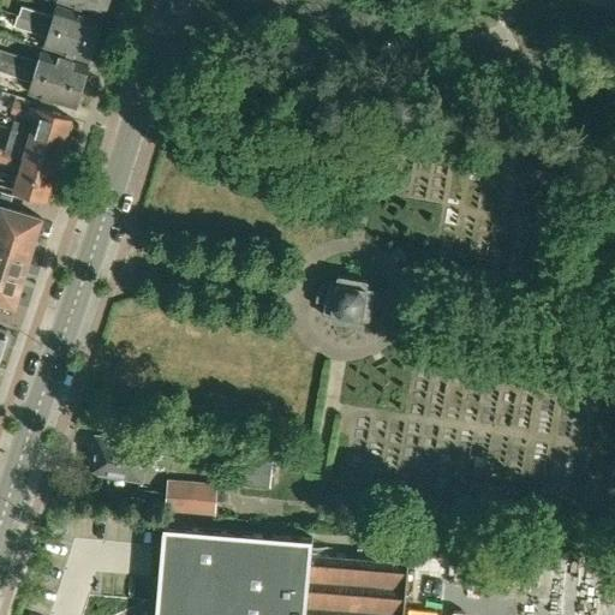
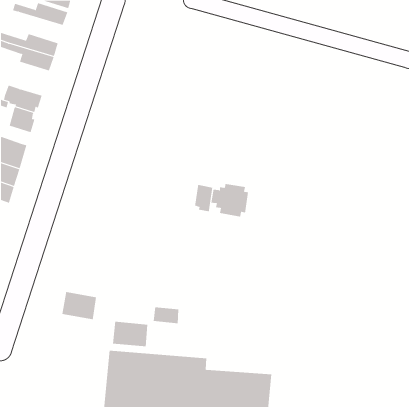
building: [14,19,95,62] -> none
building: [12,103,72,147] -> none
building: none -> [195,184,213,212]

